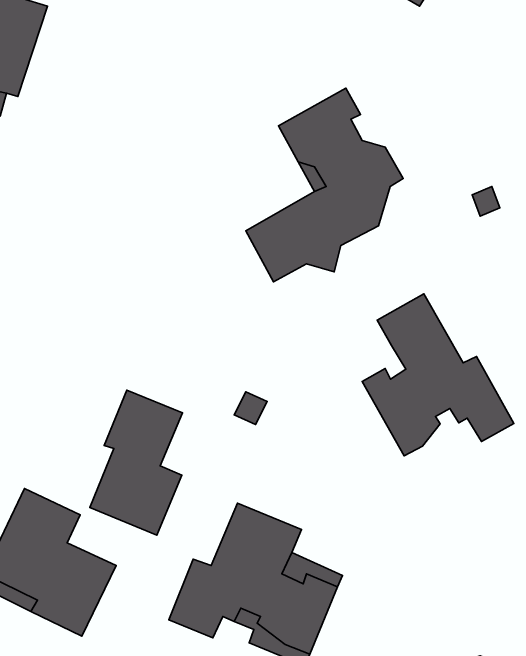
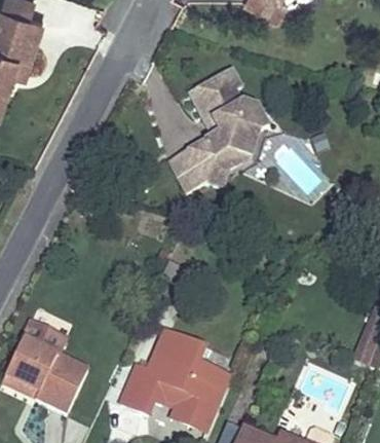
building: [362,294,514,456] -> none
building: [90,390,183,535] -> none

